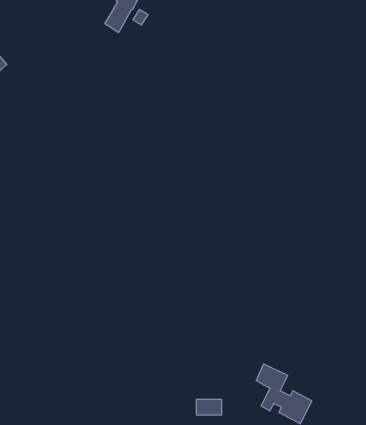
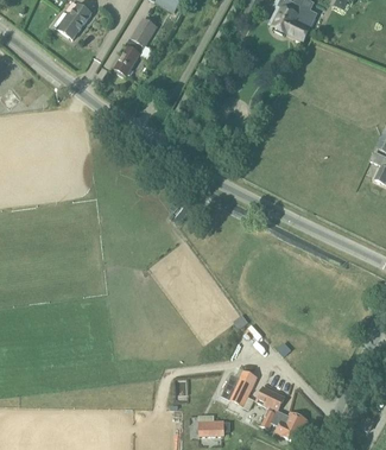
building: none -> [220,369,258,407]

